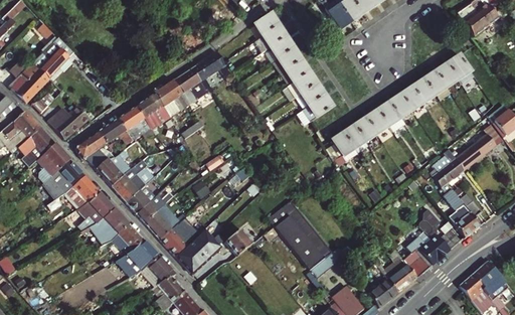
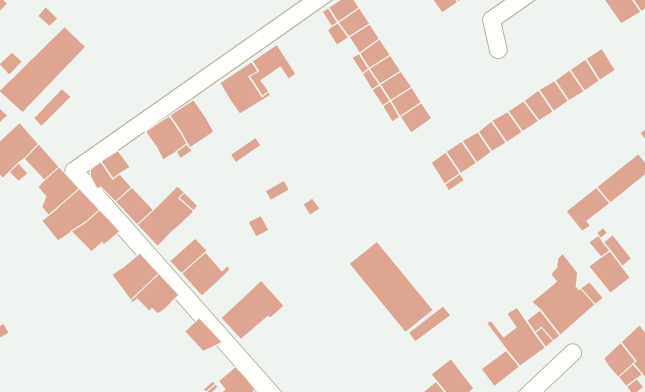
building: [154,81,188,117] -> none
building: [48,105,89,138] -> none
building: [98,117,131,143] -> none
building: [127,185,155,213] -> none
building: [77,191,114,227] -> none
building: [160,219,187,256] -> none
building: [224,228,252,256] -> none
building: [117,239,158,277] -> none
building: [151,276,185,303] -> none

